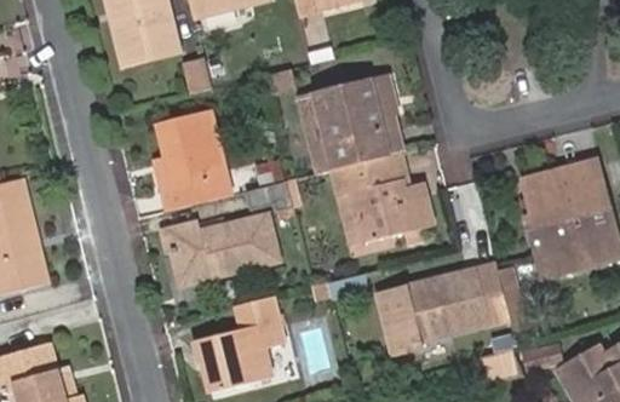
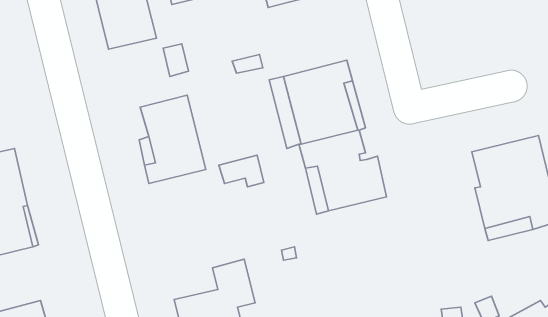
building: [166,217,280,282] -> none
building: [378,262,510,352] -> none

